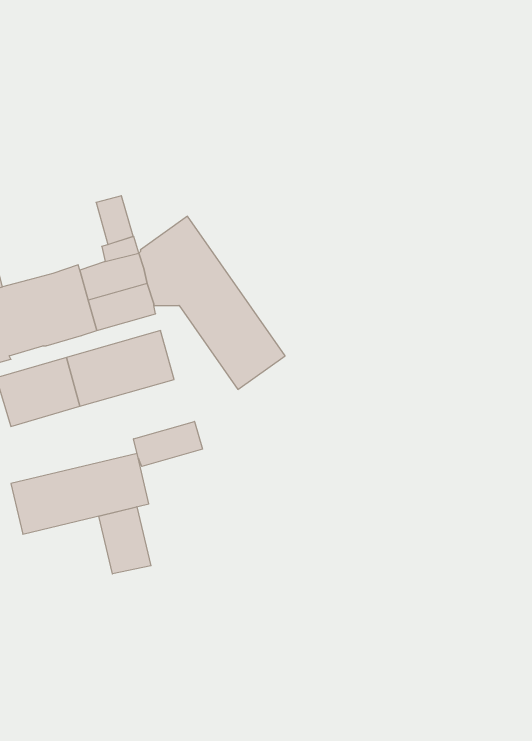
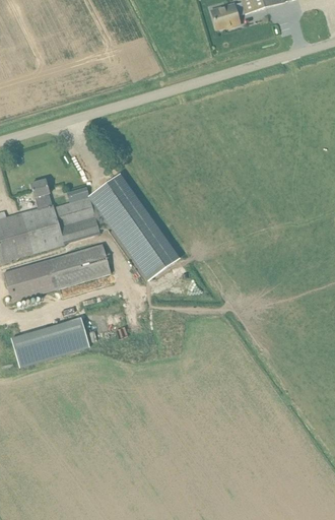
building: [96,196,133,245] -> [30,179,53,208]
building: [134,421,203,466] -> none
building: [99,507,151,574] -> none

